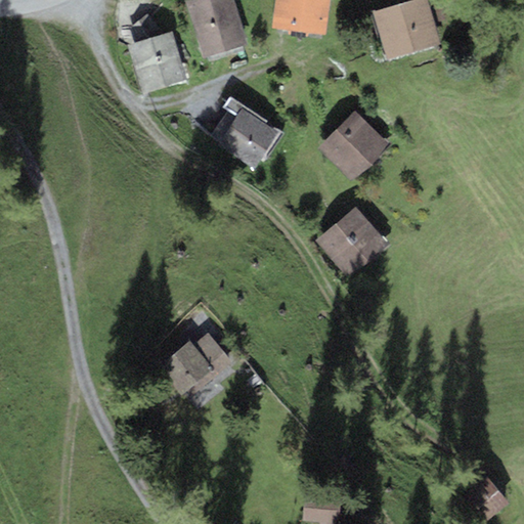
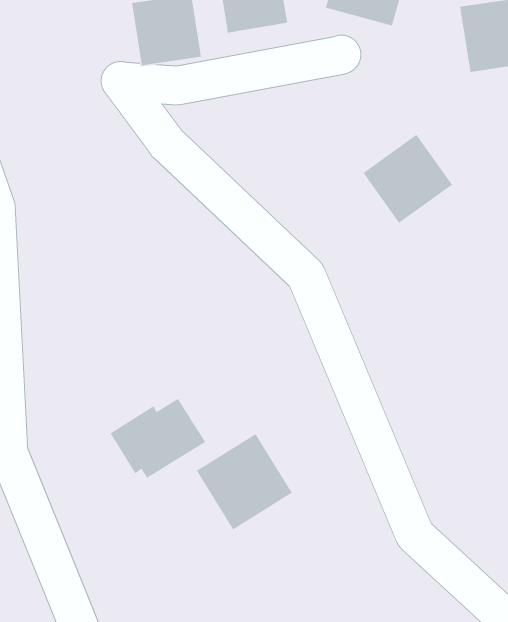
building: [217,97,278,169] -> none
building: [315,207,387,277] -> none
building: none -> [196,433,293,530]

